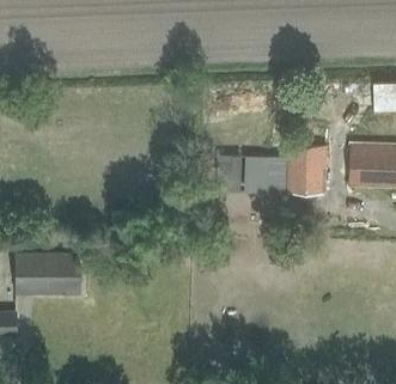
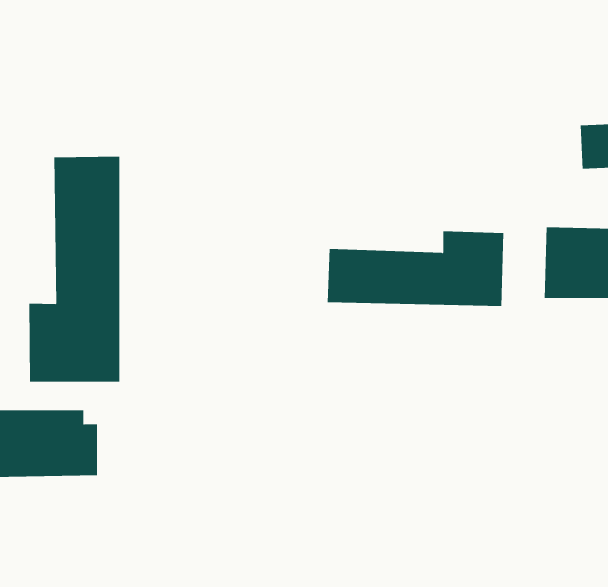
building: none -> [29,156,120,383]

